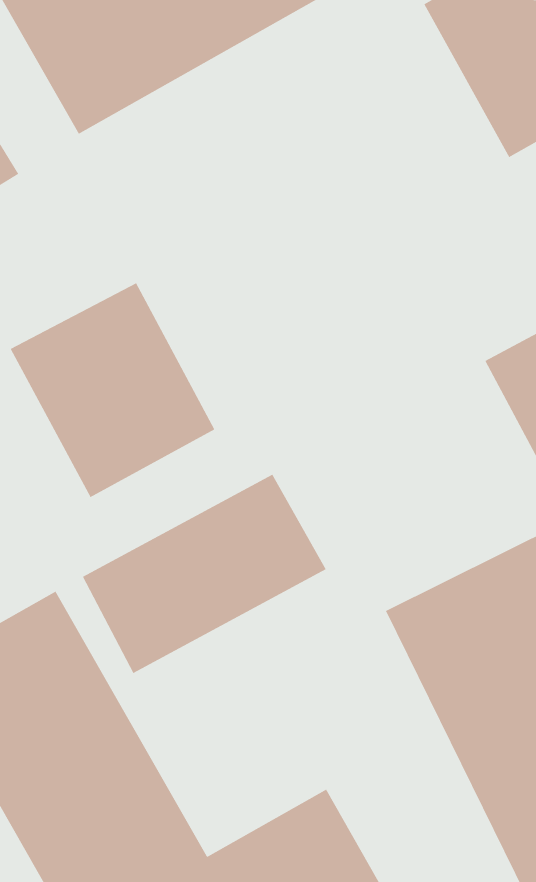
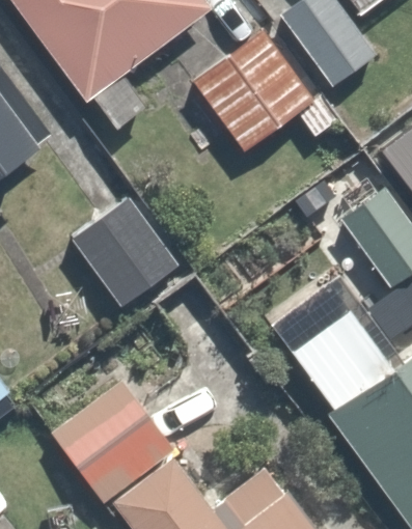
building: none -> [189,28,309,147]
building: [82,474,327,674] -> none

